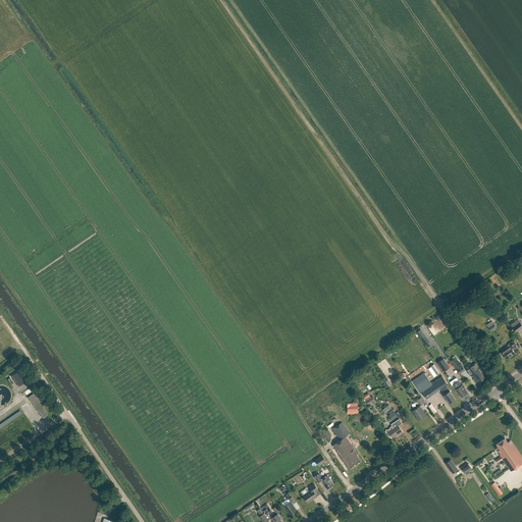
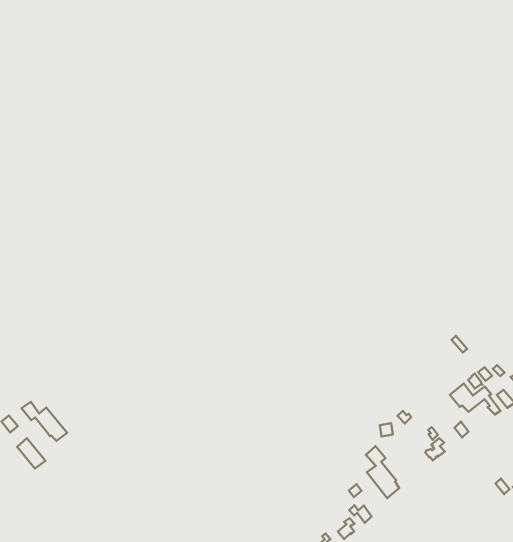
building: none -> [22,402,67,441]

